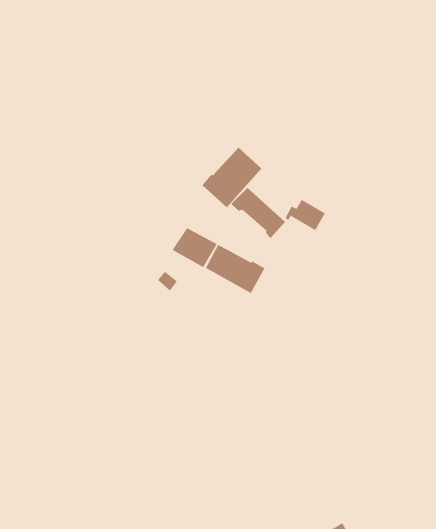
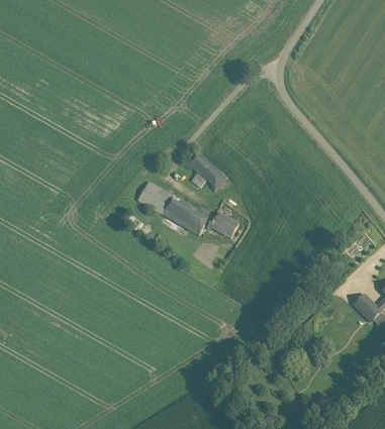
building: [202,147,262,208] -> none
building: [285,199,326,231] -> [207,214,239,239]

